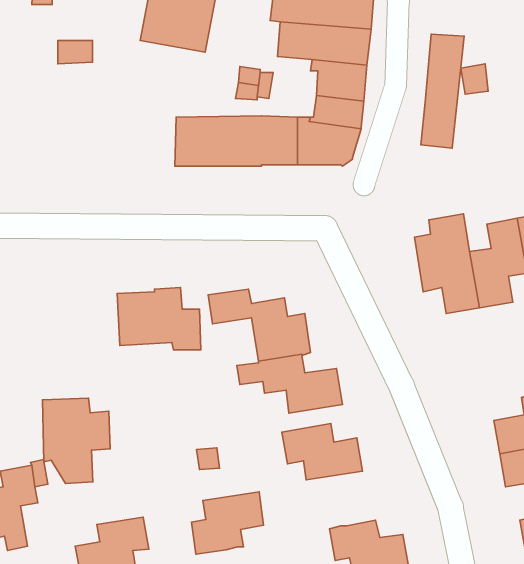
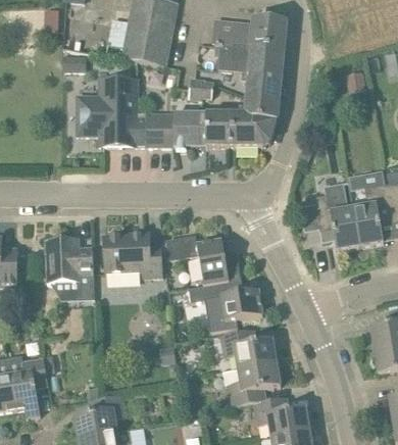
building: [421,34,464,148] -> none
building: none -> [84,80,144,146]
building: [42,398,110,483] -> [45,237,93,297]
building: [191,492,264,554] -> [229,361,280,405]

